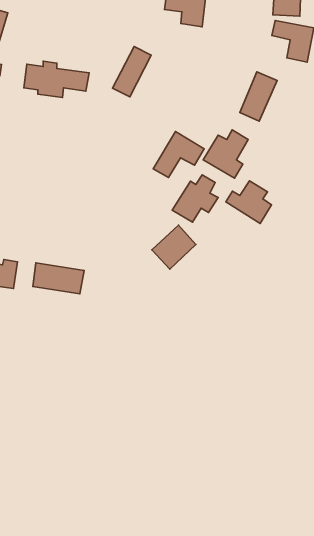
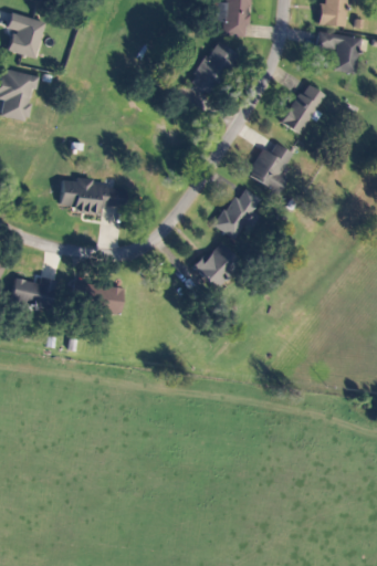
building: [113,46,151,97] -> [192,41,232,93]
building: [24,61,89,97] -> [57,177,125,214]
building: [153,132,204,178] -> none
building: [226,181,271,223] -> none

